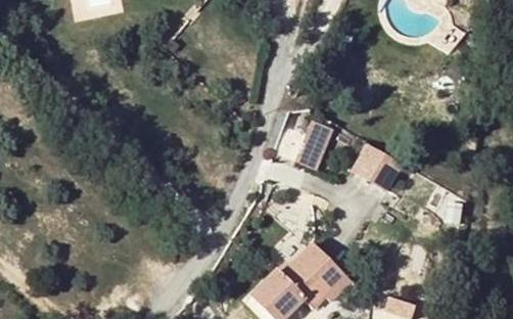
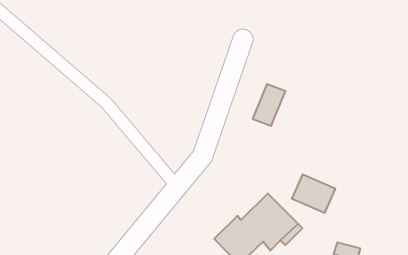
building: [348,142,399,186] -> [292,175,335,213]

